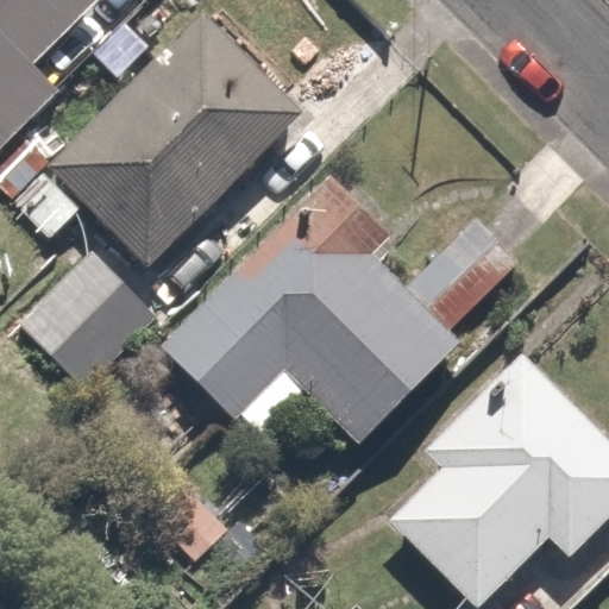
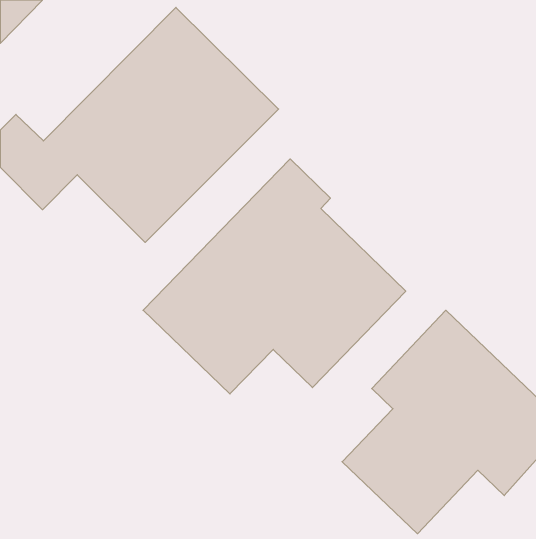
building: [11,241,167,397] -> none

